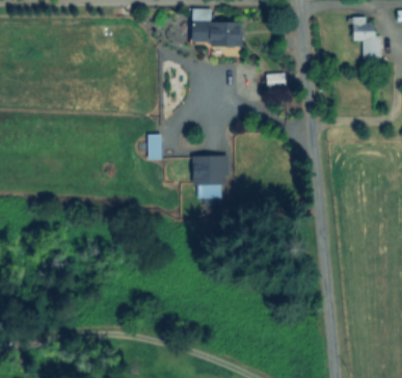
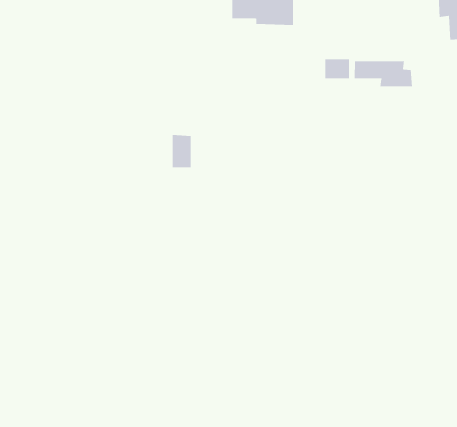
building: none -> [354,60,412,87]
building: [194,156,227,198] -> none

